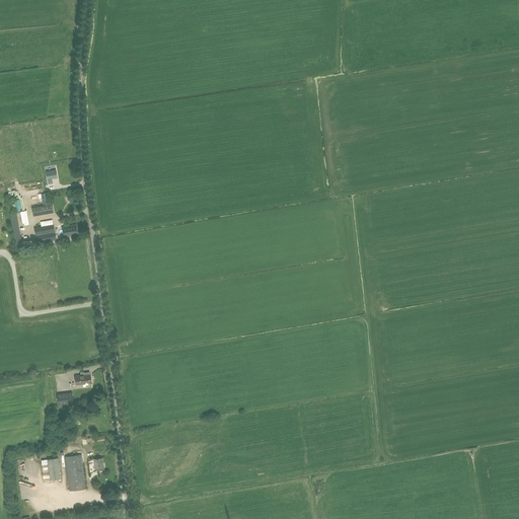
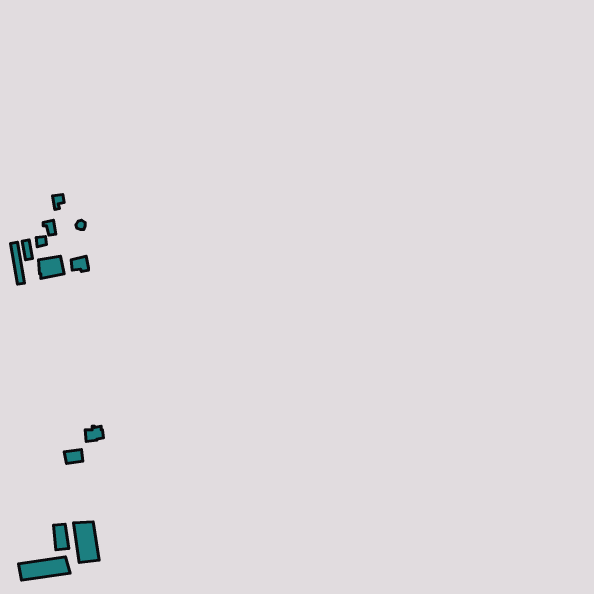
building: none -> [18,557,70,580]

